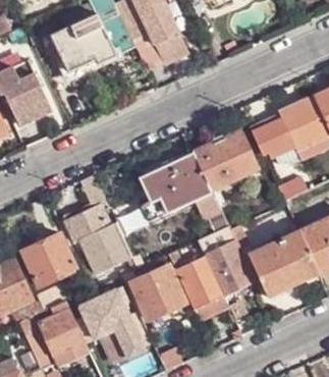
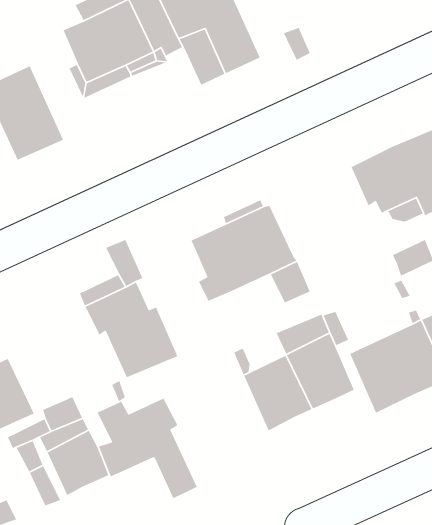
building: [194,131,259,191] -> none
building: [20,233,75,286] -> none
building: [130,267,184,322] -> none

